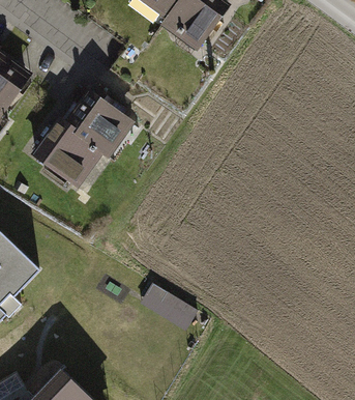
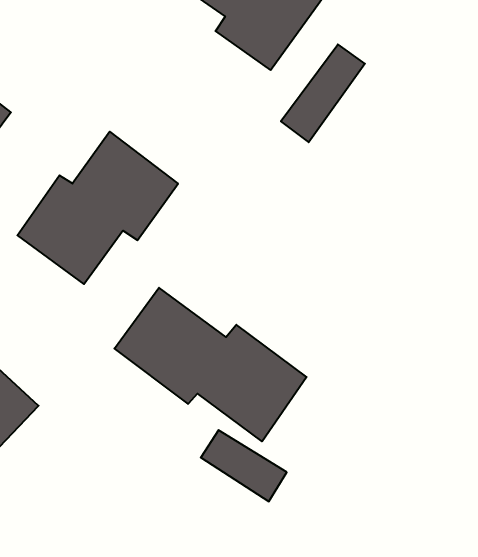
building: none -> [281,44,365,142]
building: none -> [114,288,307,441]

